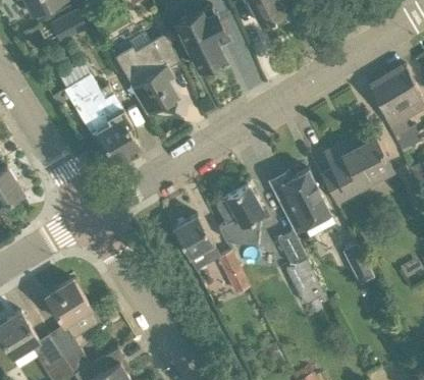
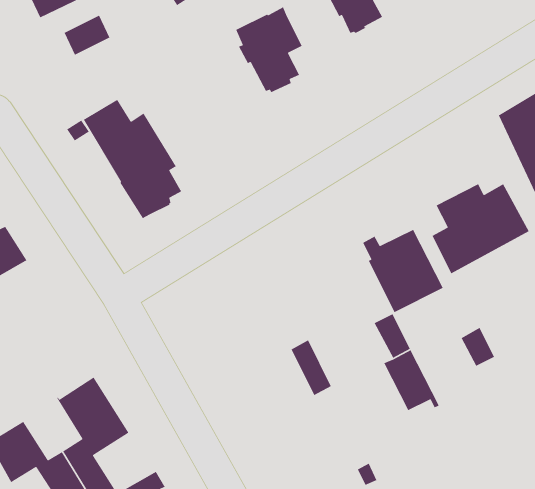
building: [116,34,179,114] -> none
building: [216,186,263,245] -> none
building: [172,215,219,262] -> none

